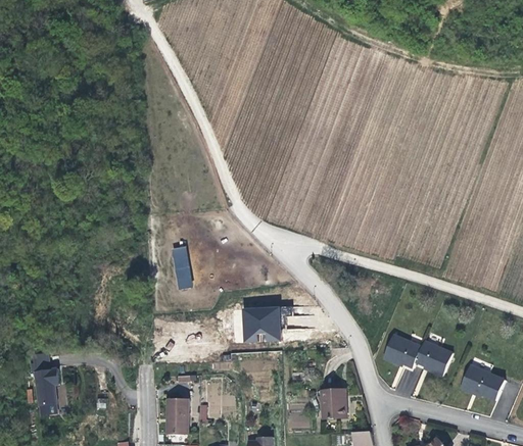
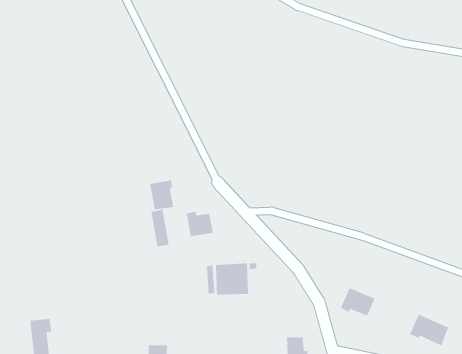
building: none -> [149,180,174,210]
building: none -> [186,211,214,237]
building: [416,342,451,376] -> none

